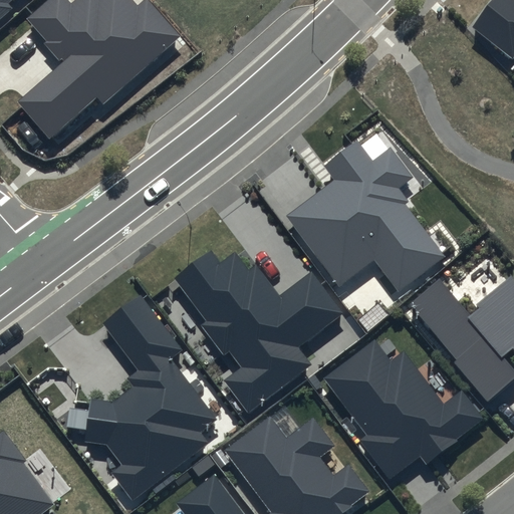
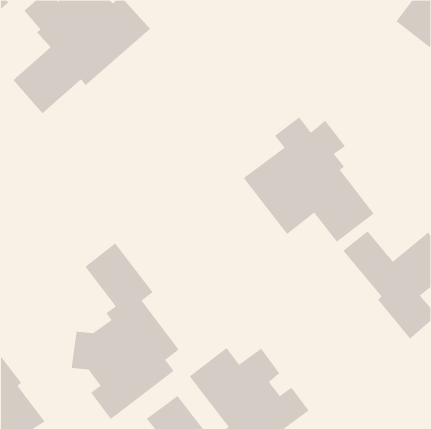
building: [173,248,337,413] -> none
building: [322,337,486,476] -> none

